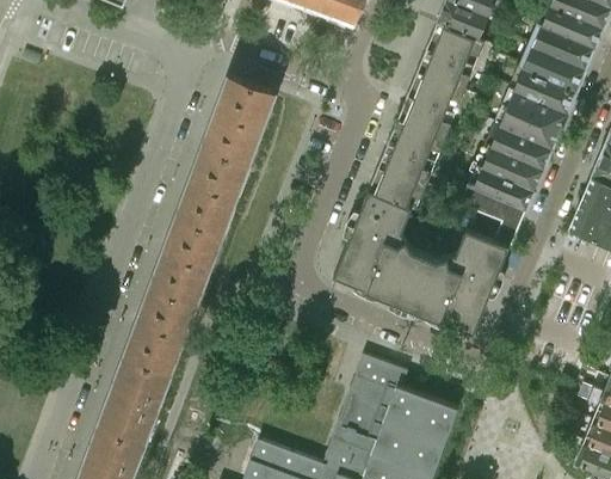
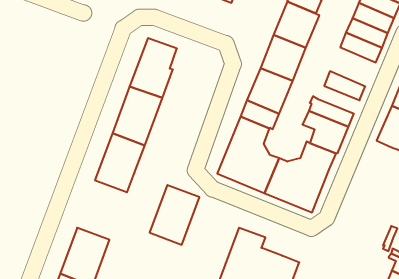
building: [499,88,567,147] -> none
building: [482,146,543,188] -> none
building: [124,285,198,374] -> [150,185,199,245]

